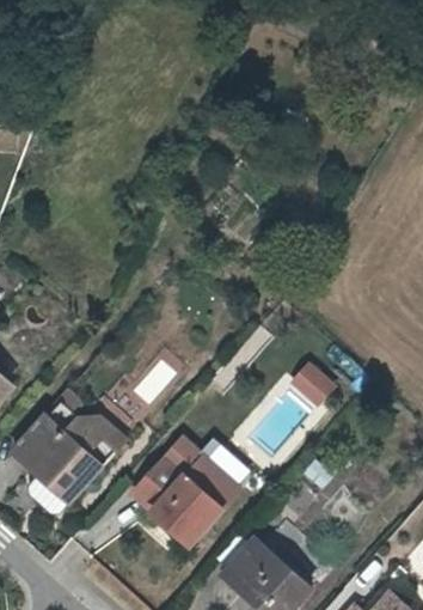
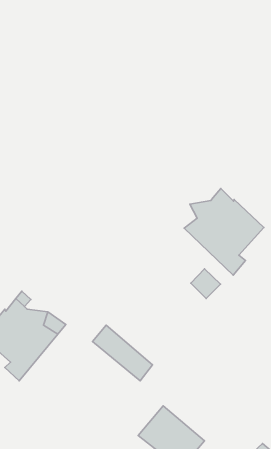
building: none -> [184,189,264,275]
building: [129,457,226,550] -> none

